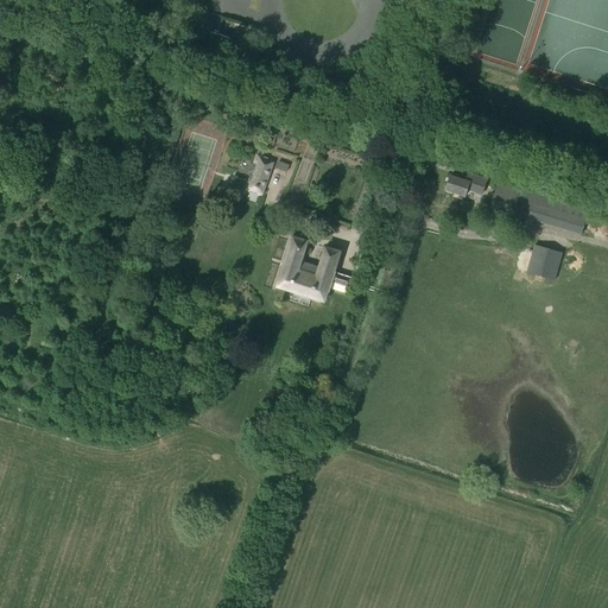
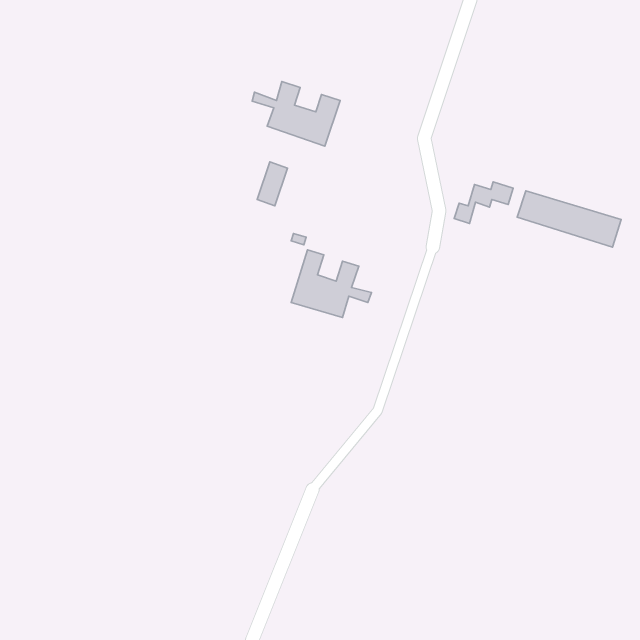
building: none -> [252,81,340,146]
building: [526,245,562,279] -> none

